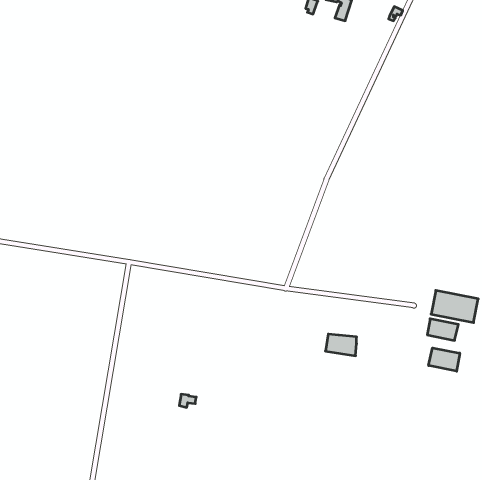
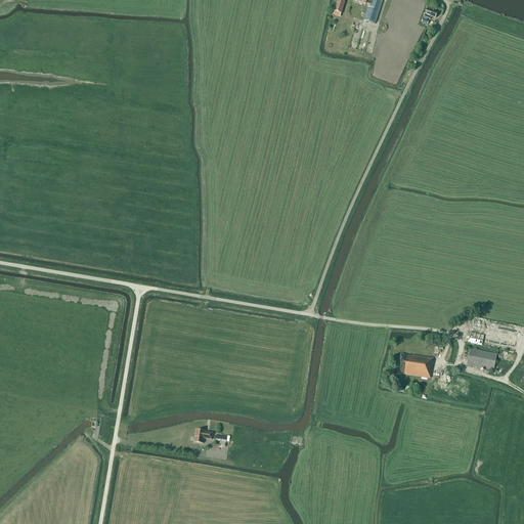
building: [325,334,357,356] -> [398,353,432,377]
building: [429,348,460,371] -> none

